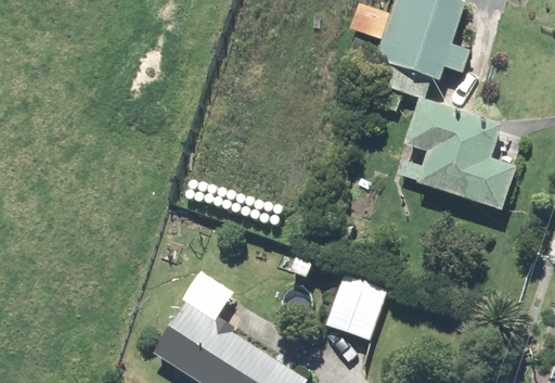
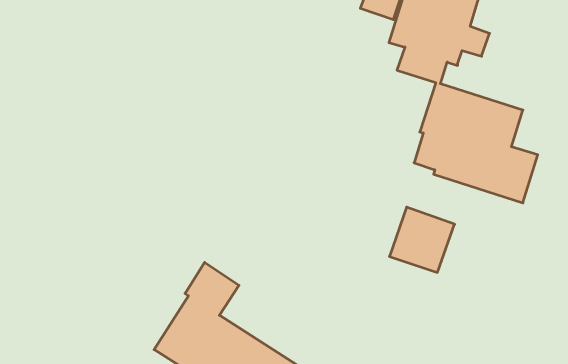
building: [324,277,386,339] -> [389,207,455,272]

